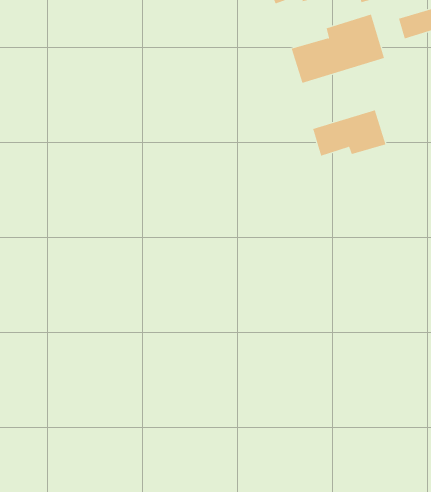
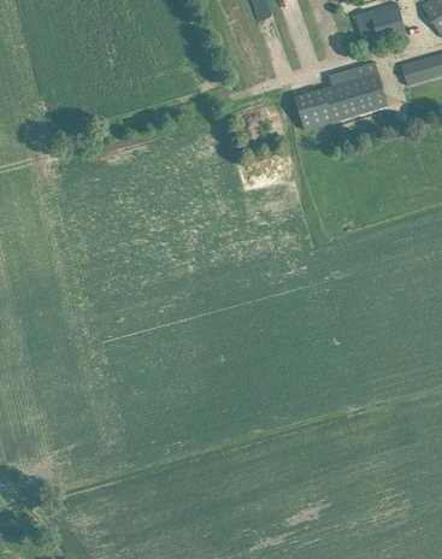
building: [312,109,386,156] -> none

